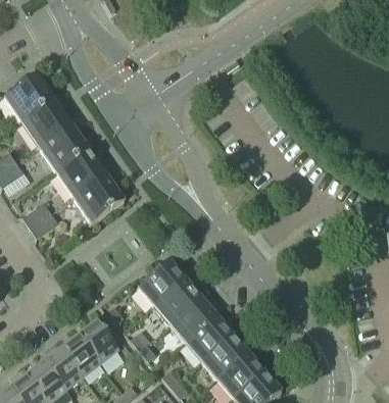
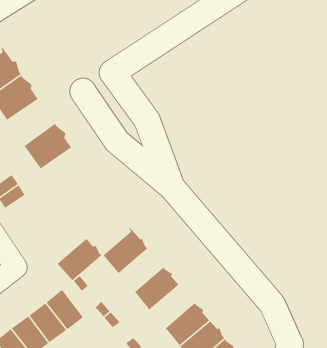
building: [38,122,88,170] -> none
building: [72,172,125,221] -> none
building: [153,276,200,321] -> [57,238,102,281]
building: [185,314,232,359] -> none

